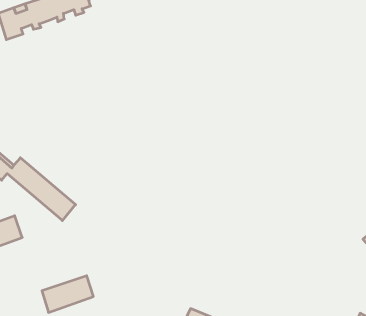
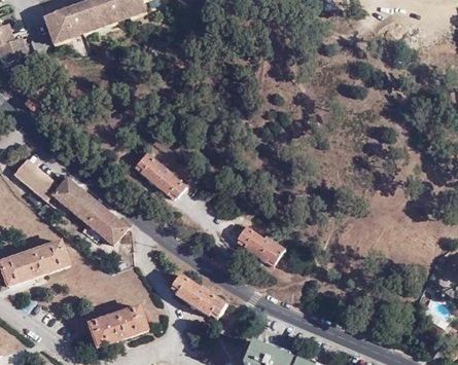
building: none -> [135,152,183,197]
building: none -> [236,226,282,263]
building: none -> [172,273,226,315]

